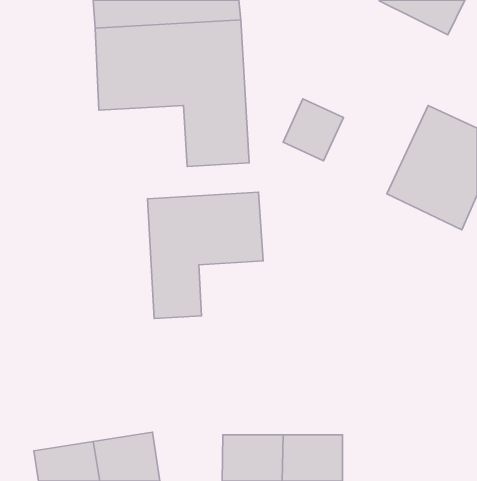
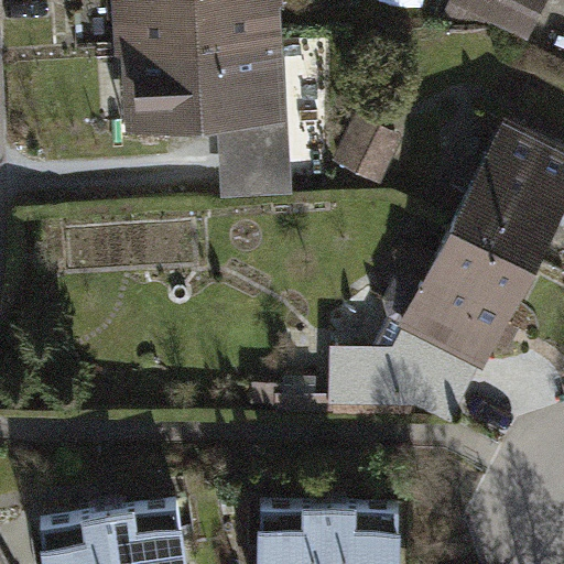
building: [147,192,263,319] -> none
building: none -> [263,227,541,430]

